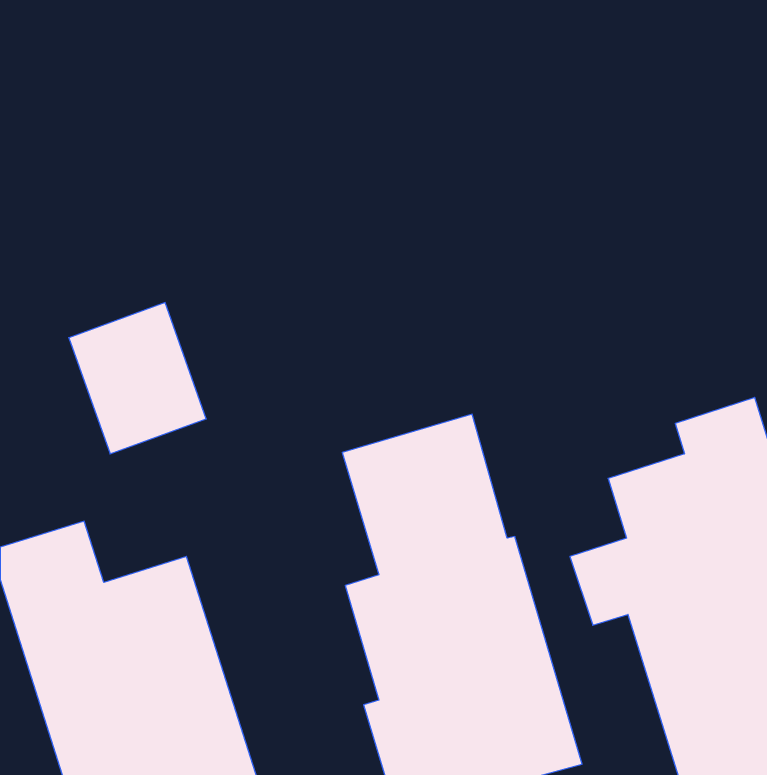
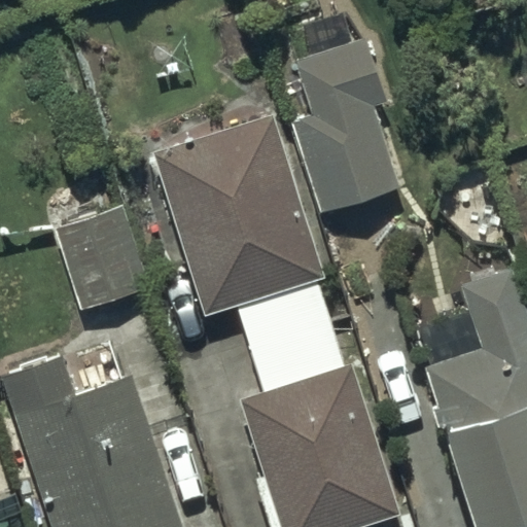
building: none -> [292,12,401,213]
building: none -> [153,113,322,316]

